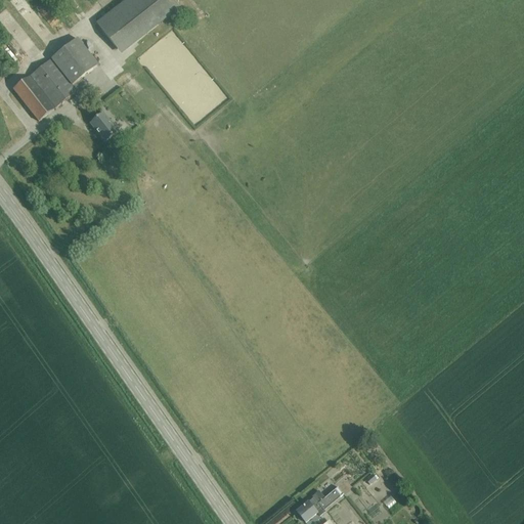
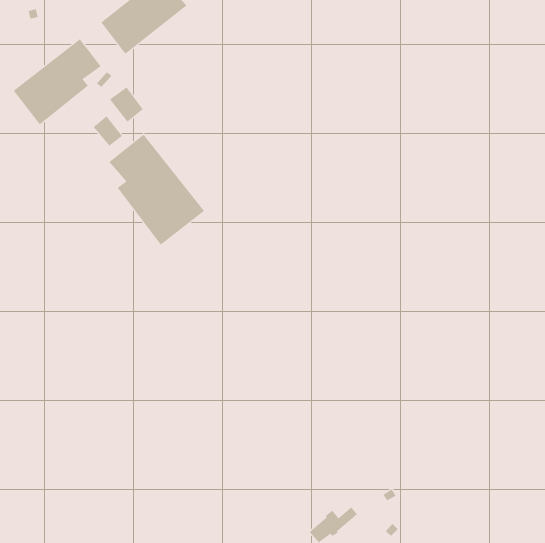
building: none -> [109,87,144,123]
building: none -> [108,134,205,246]

